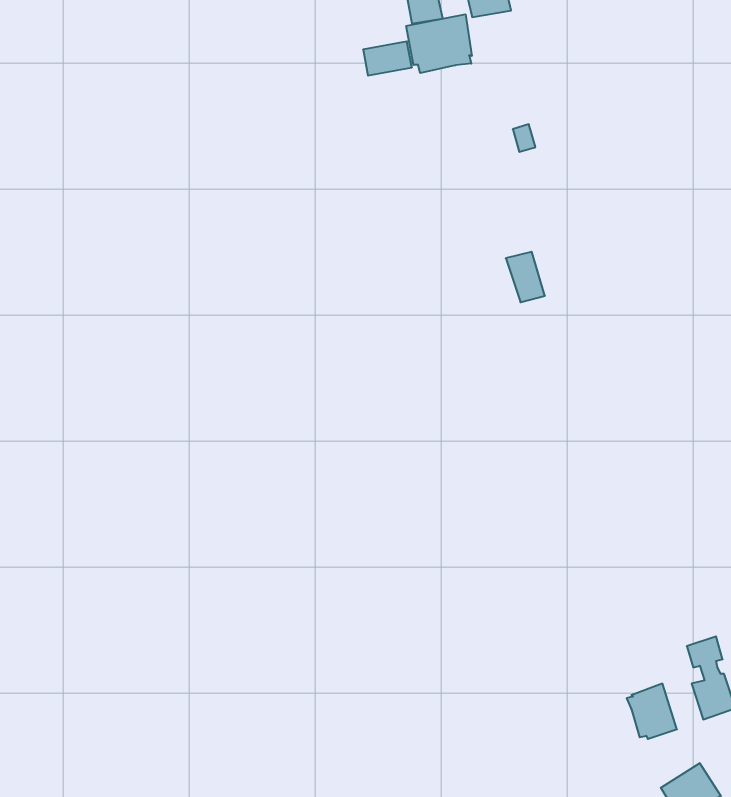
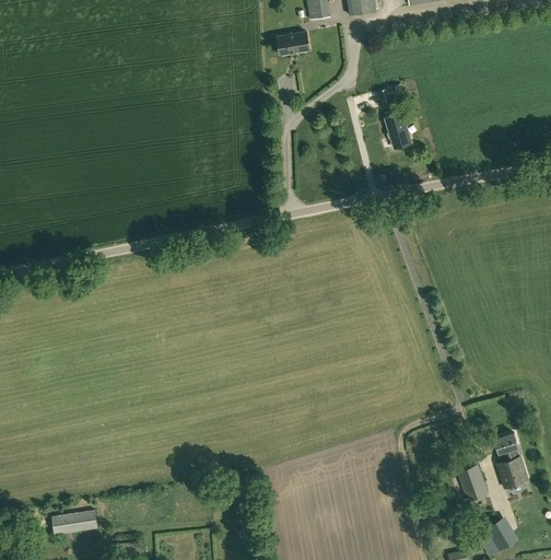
building: [406,14,472,73] -> none
building: [506,252,545,302] -> [385,114,411,148]
building: none -> [51,510,98,535]

